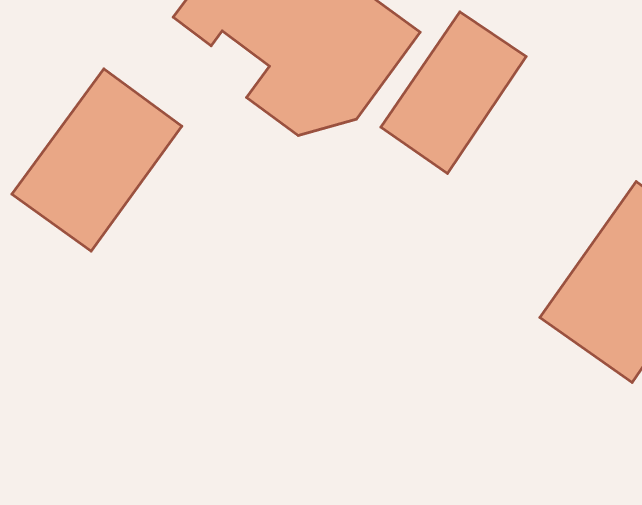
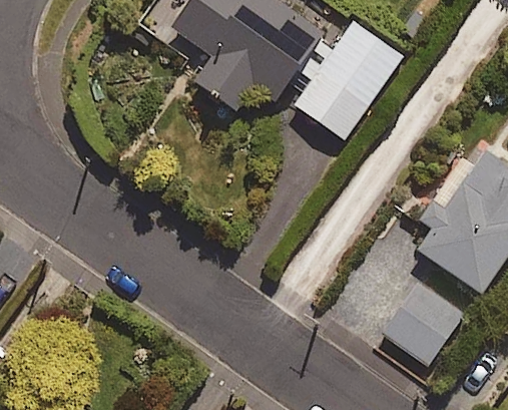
building: [12,69,182,251] -> none
building: none -> [383,284,464,366]

